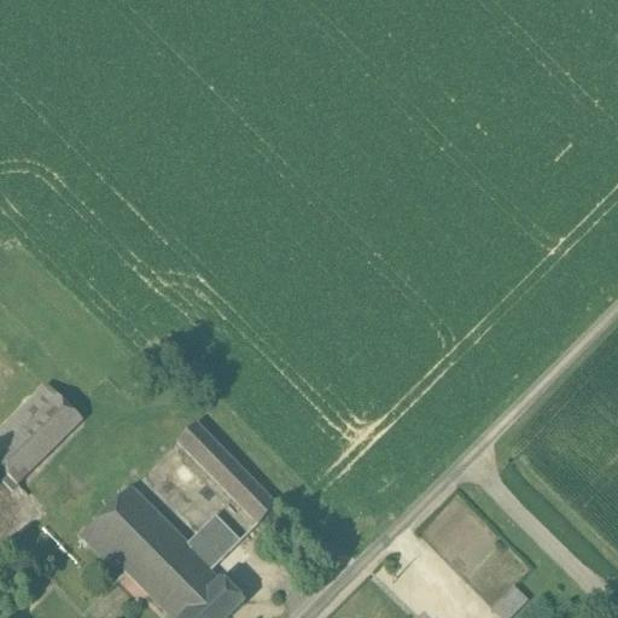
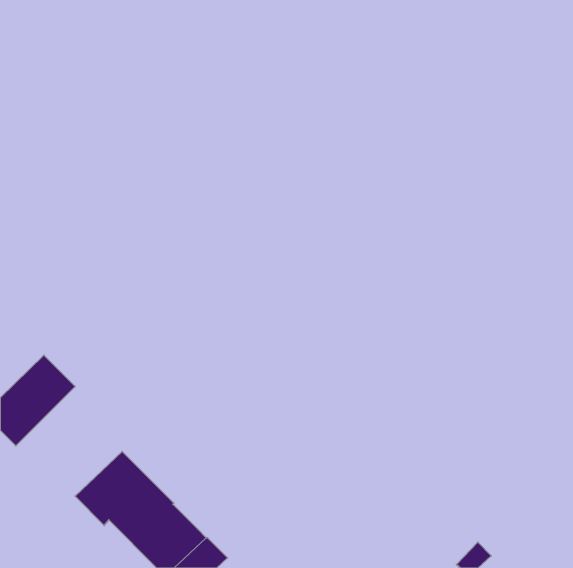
building: [177,422,278,523] -> none
building: [186,514,241,570] -> none

